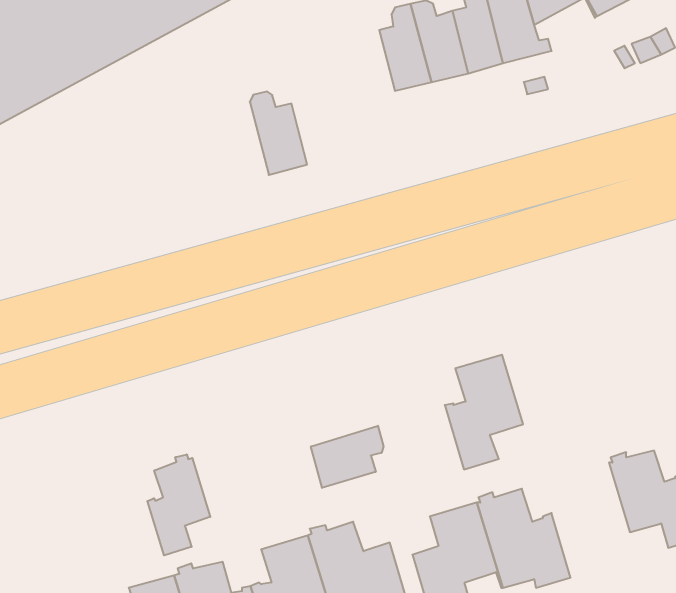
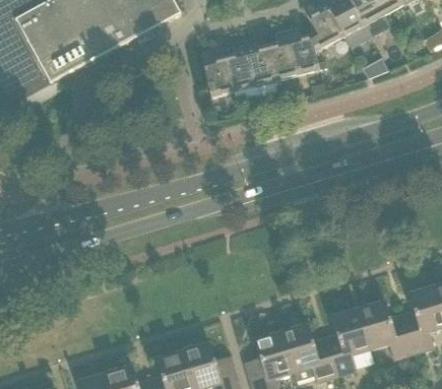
building: [250,91,307,175] -> [200,49,234,98]
building: [445,355,523,469] -> [325,309,371,376]
building: [311,426,383,488] -> none
building: [147,454,210,555] -> none

